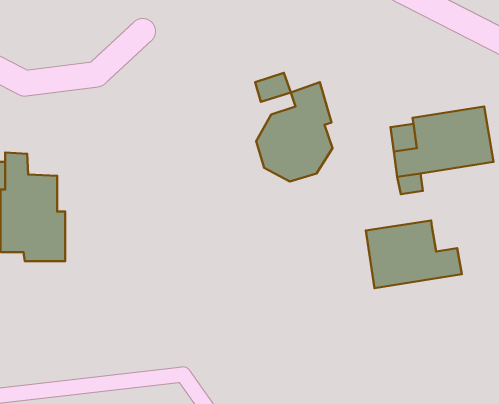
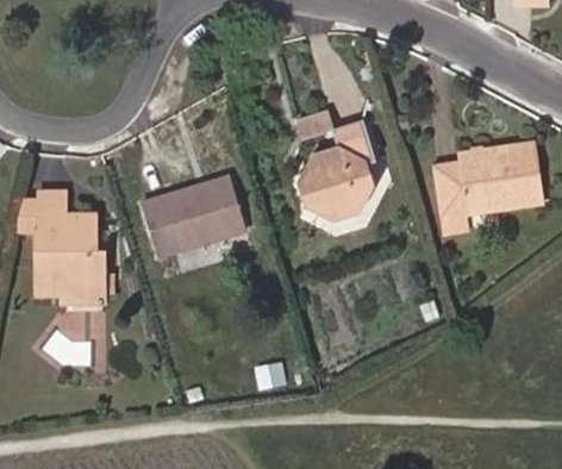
building: none -> [142,176,245,257]
building: [366,221,462,288] -> none

